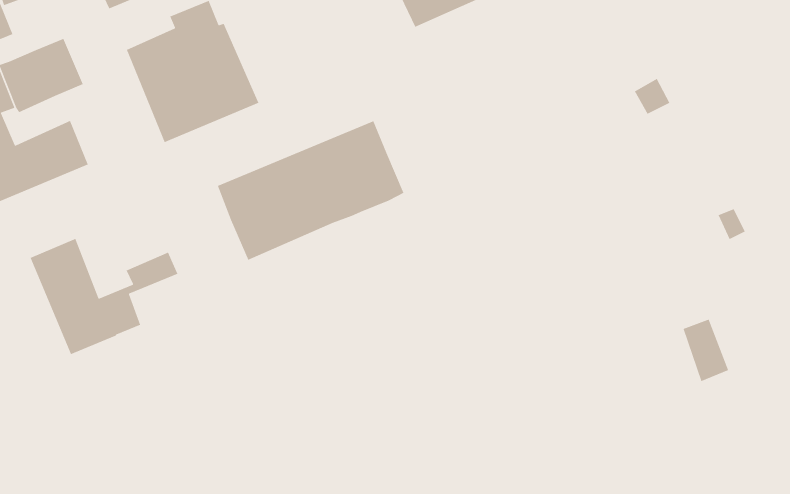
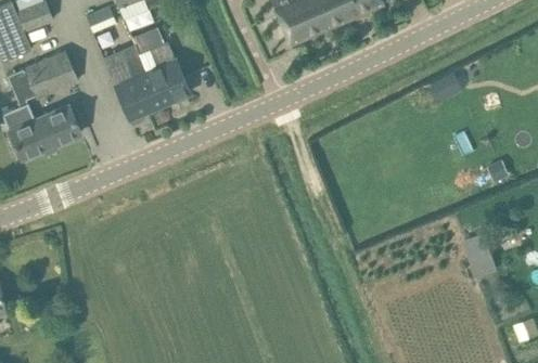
building: [217,120,405,261] -> none
building: [30,238,179,355] -> none

